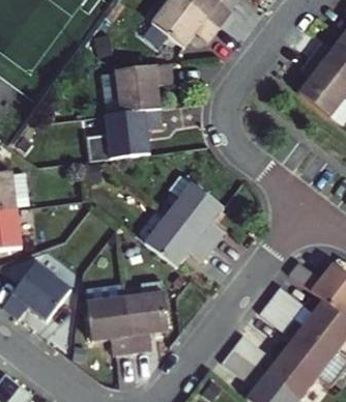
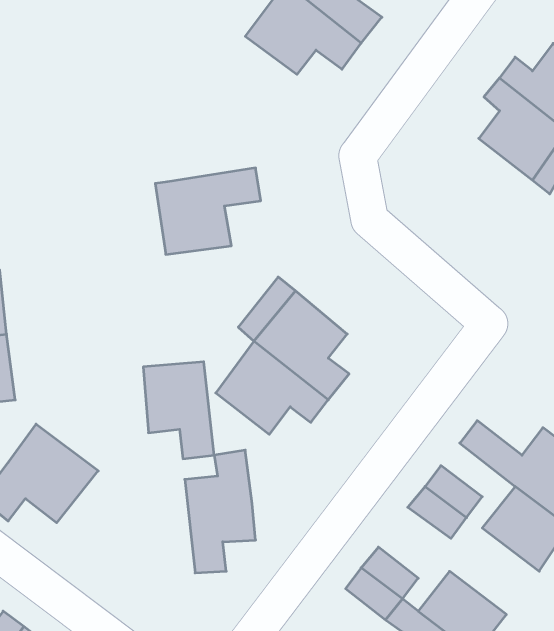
building: [107,65,177,116] -> none
building: [86,294,128,352] -> [143,362,214,459]
building: [281,323,335,375] -> none

